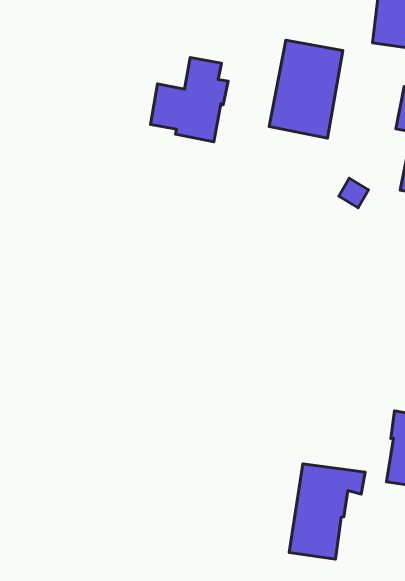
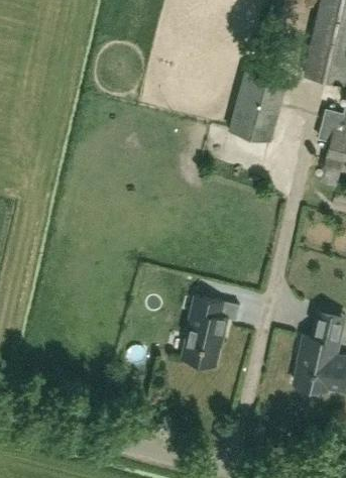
building: [150,57,228,142] -> none
building: [289,464,365,559] -> [182,296,239,365]

